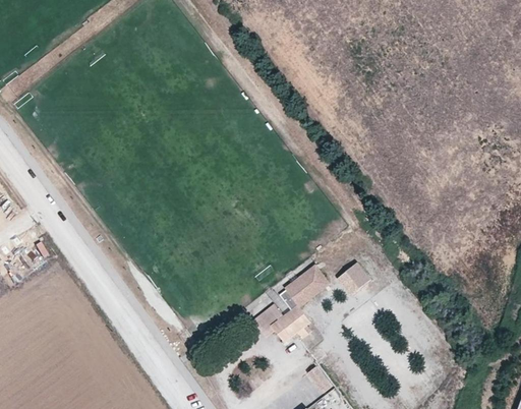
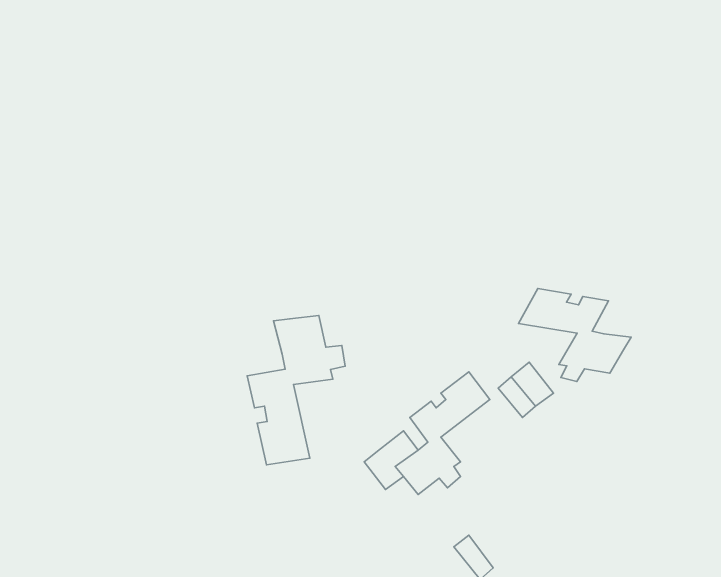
building: none -> [518,289,631,381]
building: none -> [247,315,345,465]

